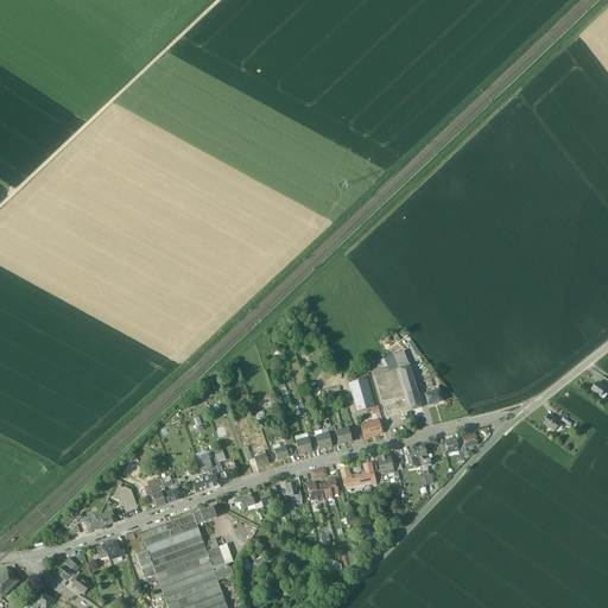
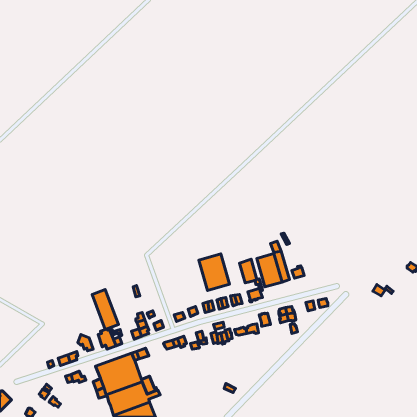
building: none -> [199,254,229,290]
building: none -> [92,289,118,329]

